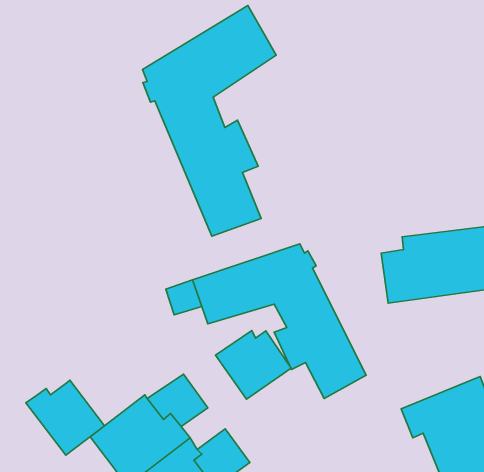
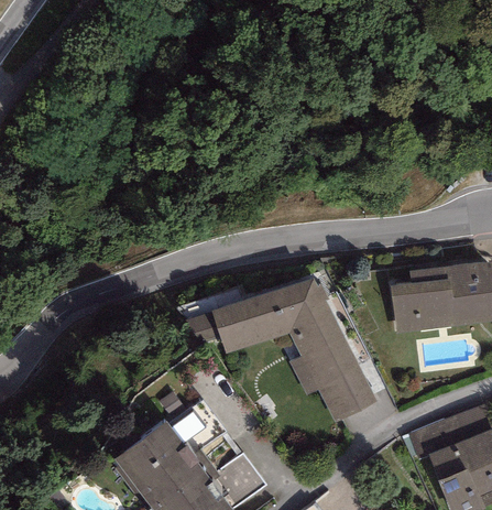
building: [142,6,276,236] -> none
building: [216,331,291,399] -> none
building: [26,380,104,455] -> none

